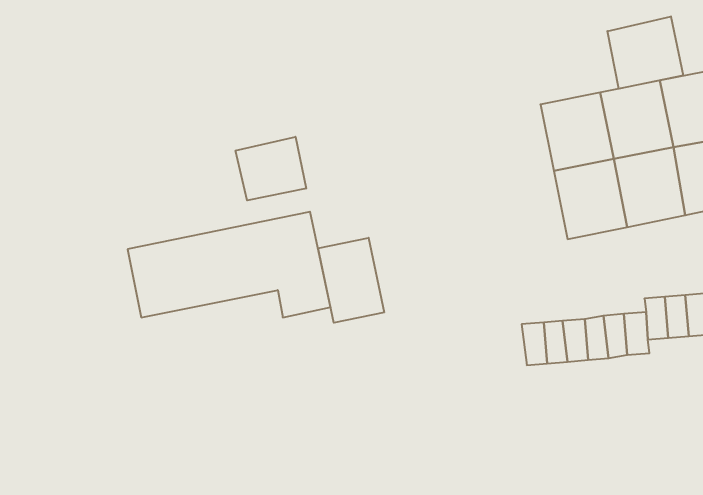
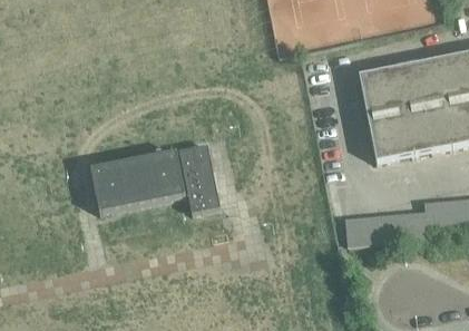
building: [607,16,683,89] -> none
building: [236,137,306,200] -> none
building: [318,238,384,323] -> none

